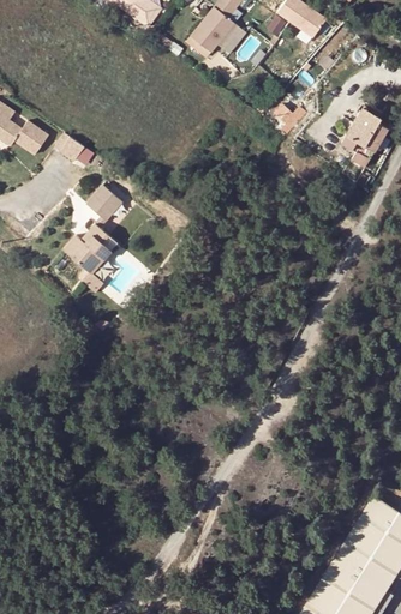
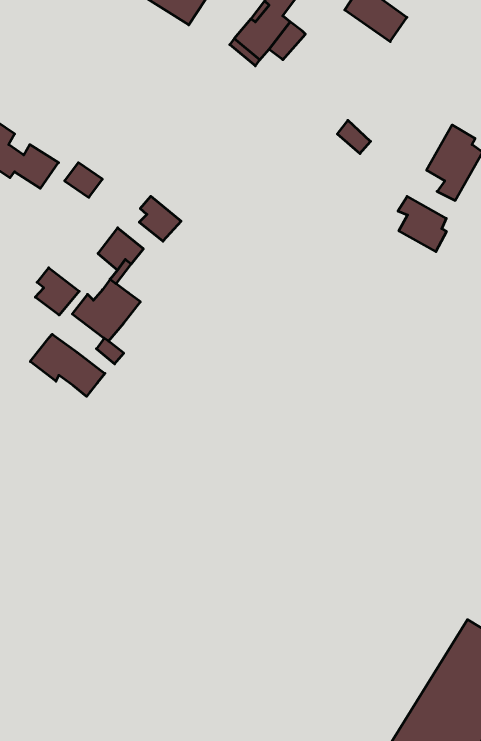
building: none -> [139,196,181,241]
building: none -> [398,196,446,252]
building: none -> [35,268,79,315]
building: none -> [30,334,105,396]

